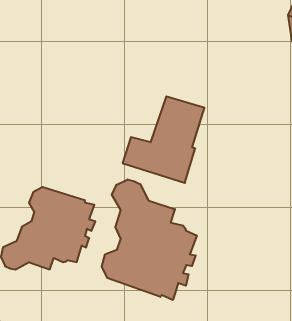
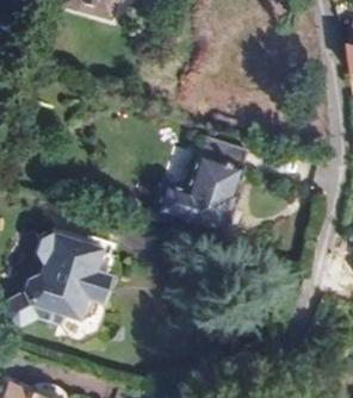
building: [102,179,197,300] -> none

